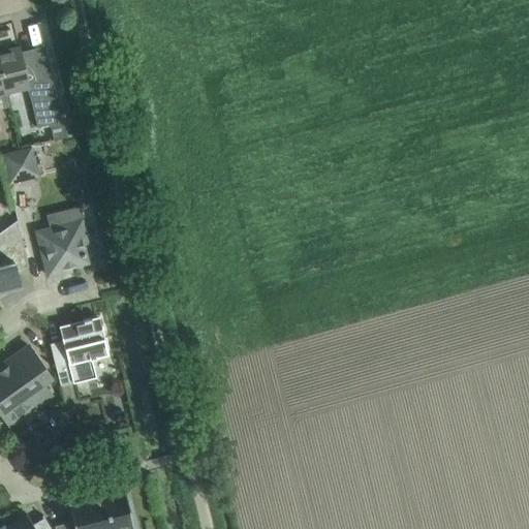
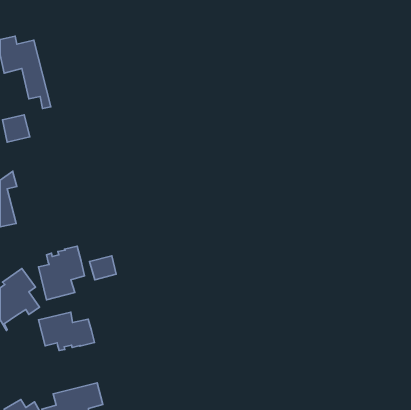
building: [36,220,87,277] -> none
building: none -> [90,256,116,280]
building: none -> [39,312,94,350]

